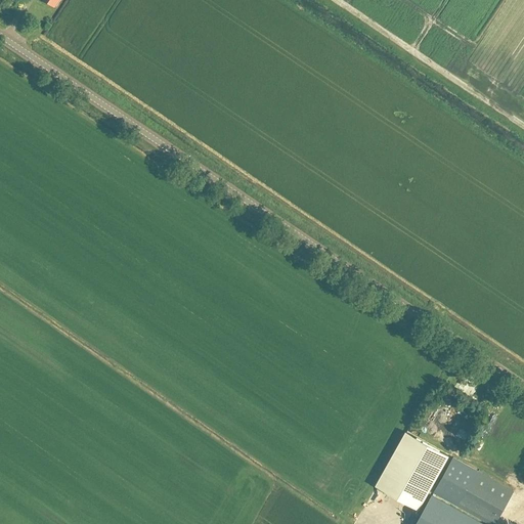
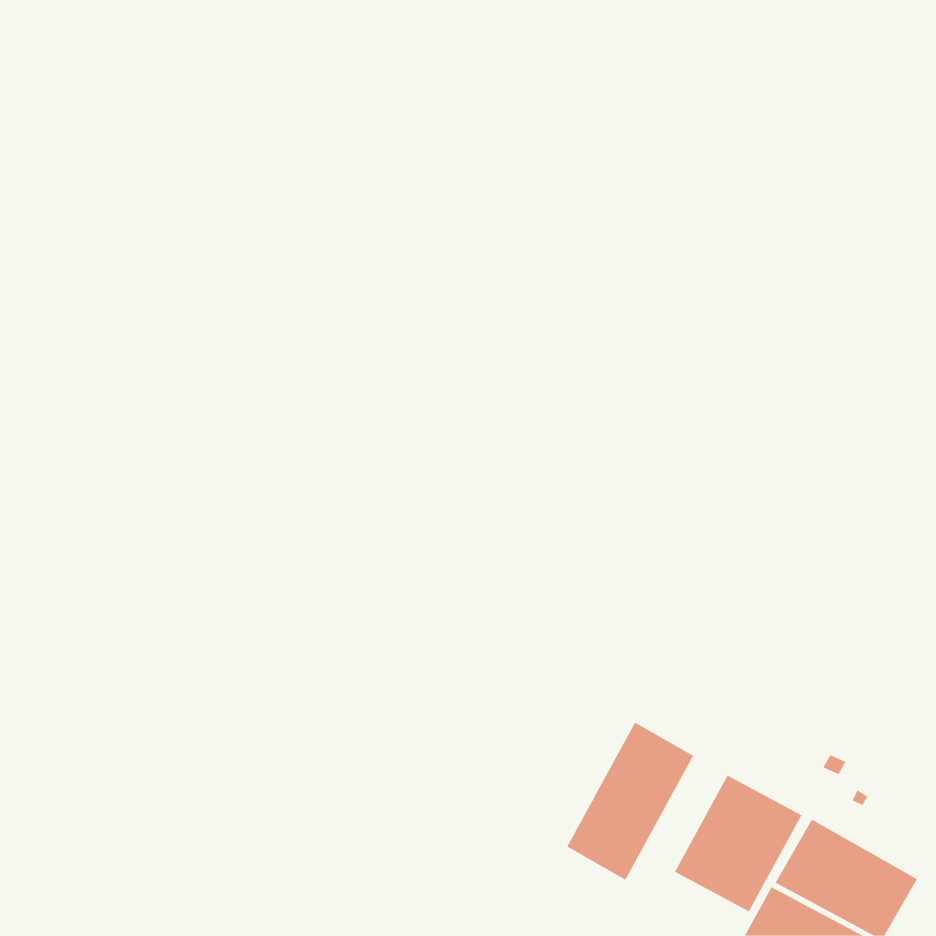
building: none -> [566,722,694,880]

